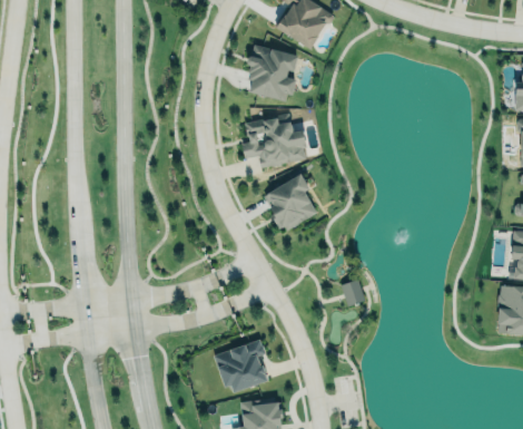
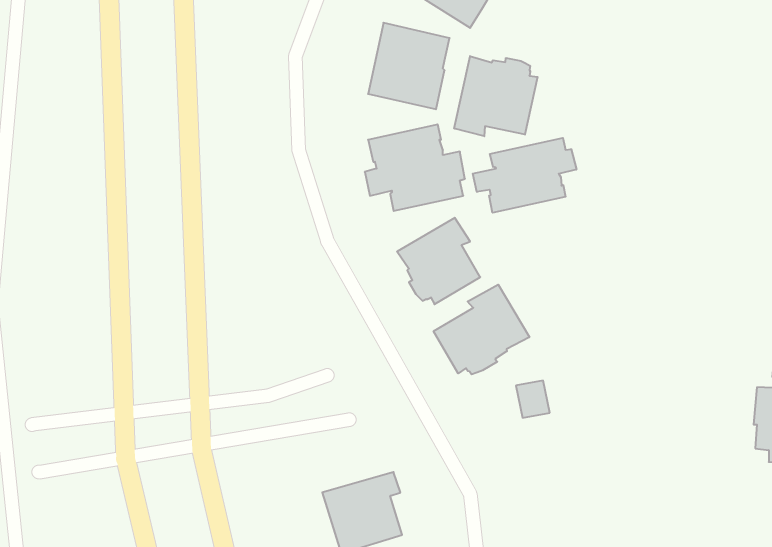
building: none -> [454,56,538,136]
building: none -> [473,138,576,213]
building: none -> [434,285,529,374]

